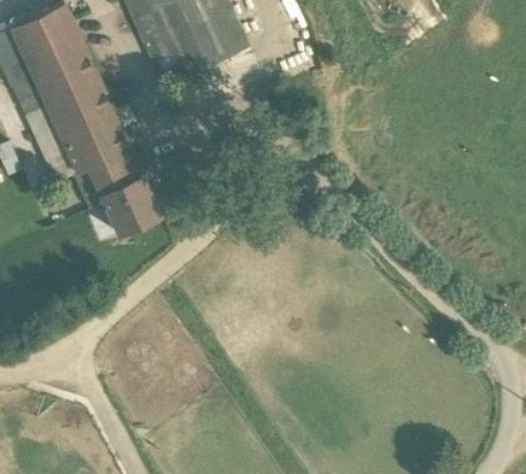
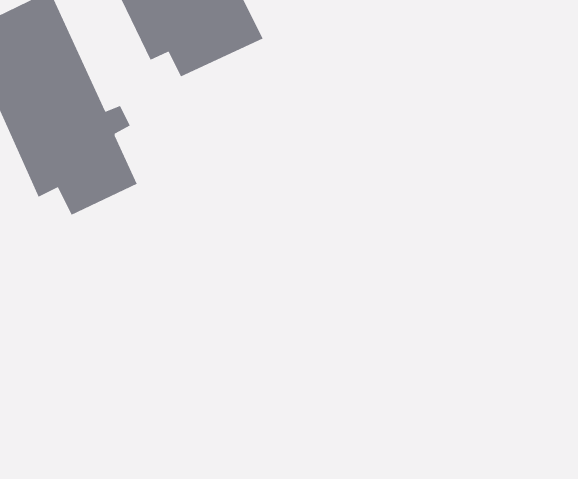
building: [82,170,159,238] -> none

